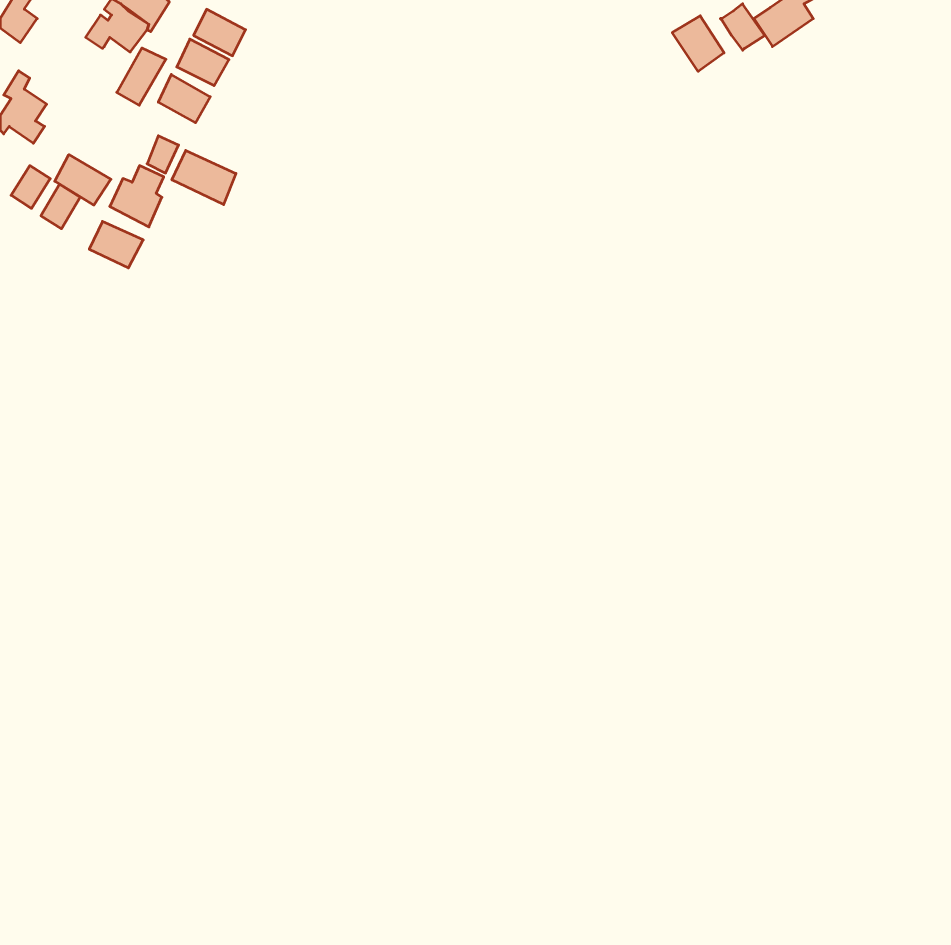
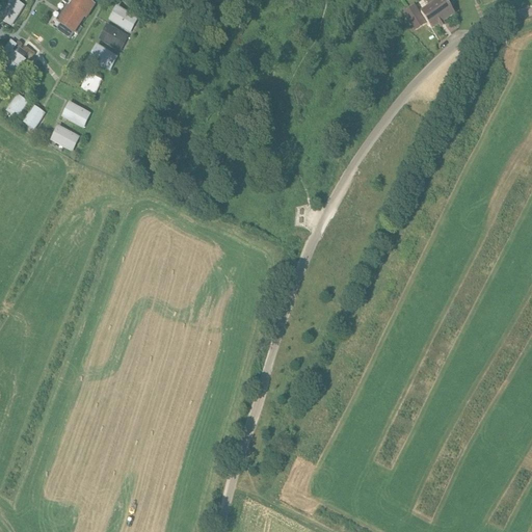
building: [672,16,724,71] -> none
building: [117,48,166,105] -> none
building: [172,150,236,205] -> none
building: [55,155,111,205] -> none

